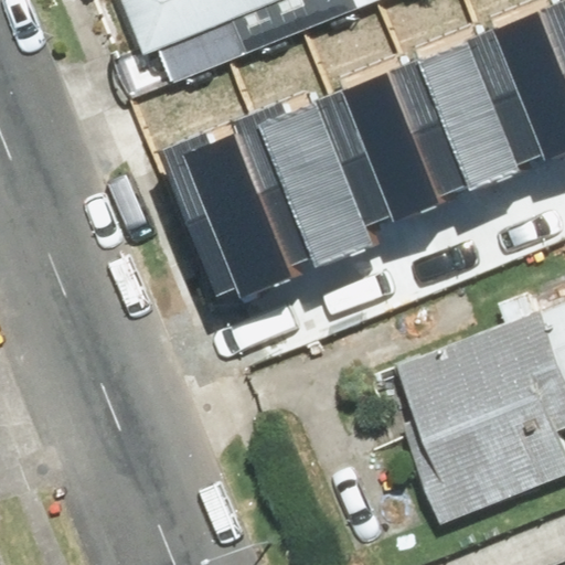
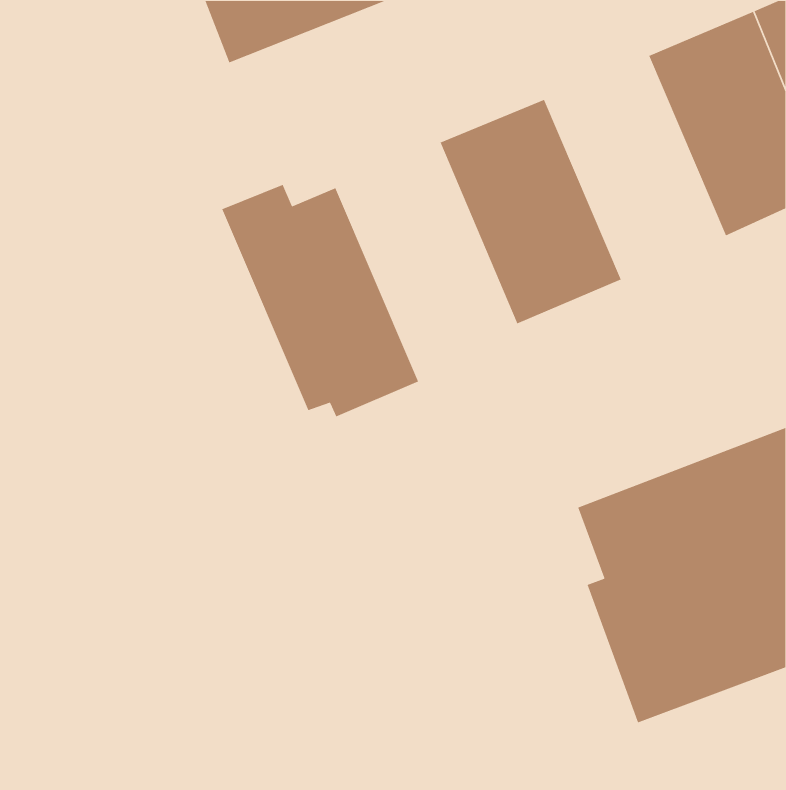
building: [388,40,518,200] -> none
building: [234,102,374,267] -> none

